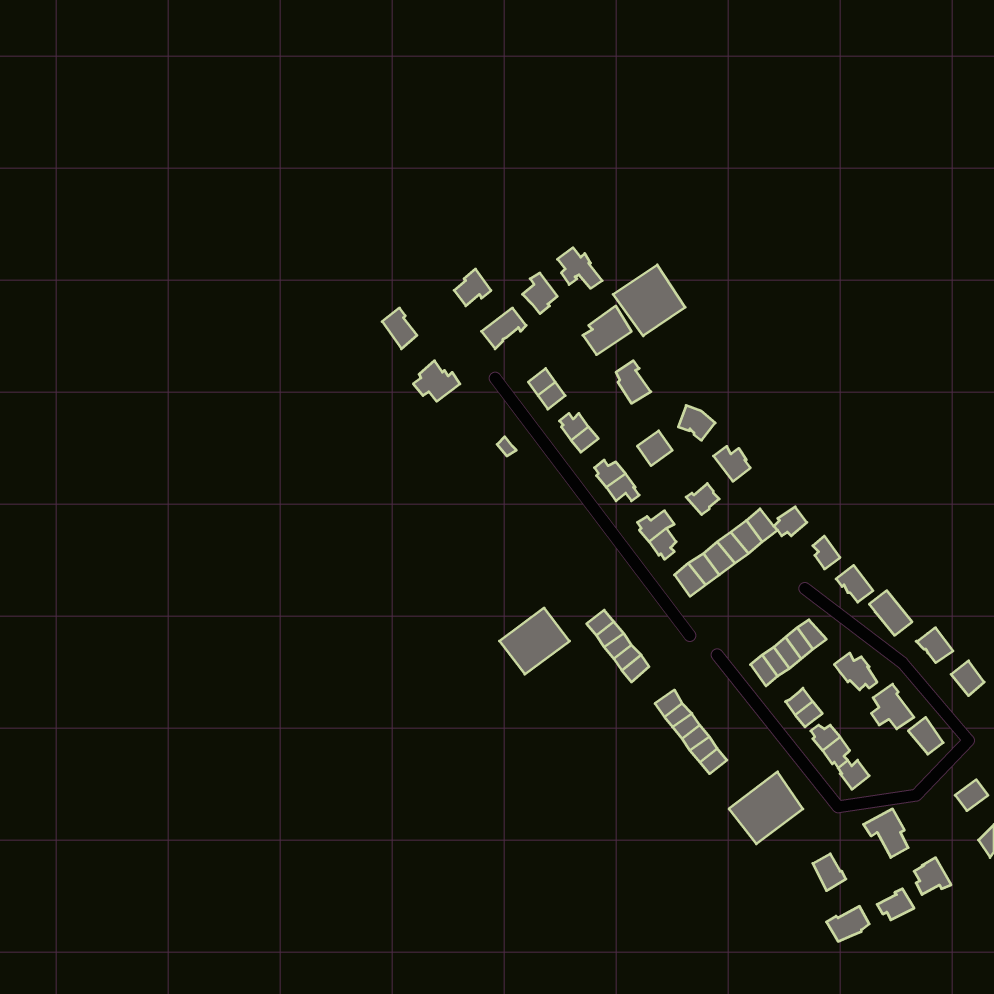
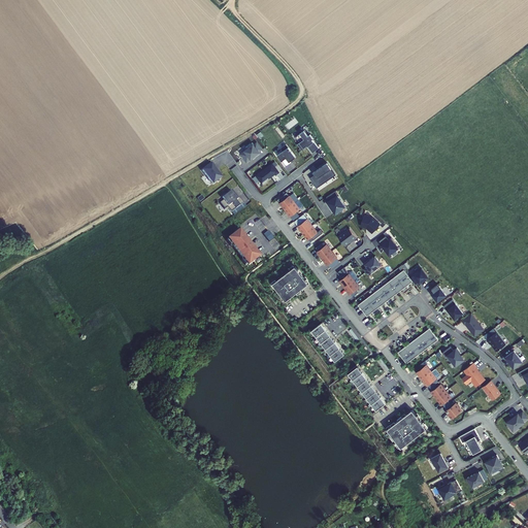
building: [613,265,685,336] -> none
building: none -> [227,231,259,267]
building: [499,608,570,674] -> [271,266,308,301]

